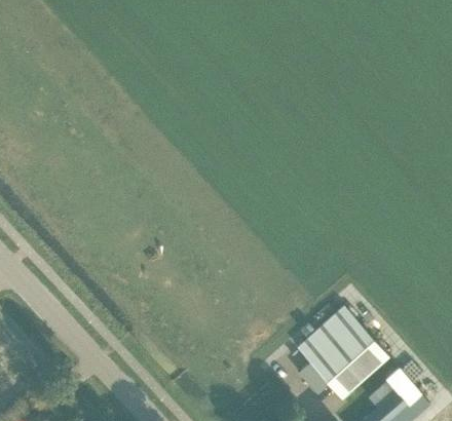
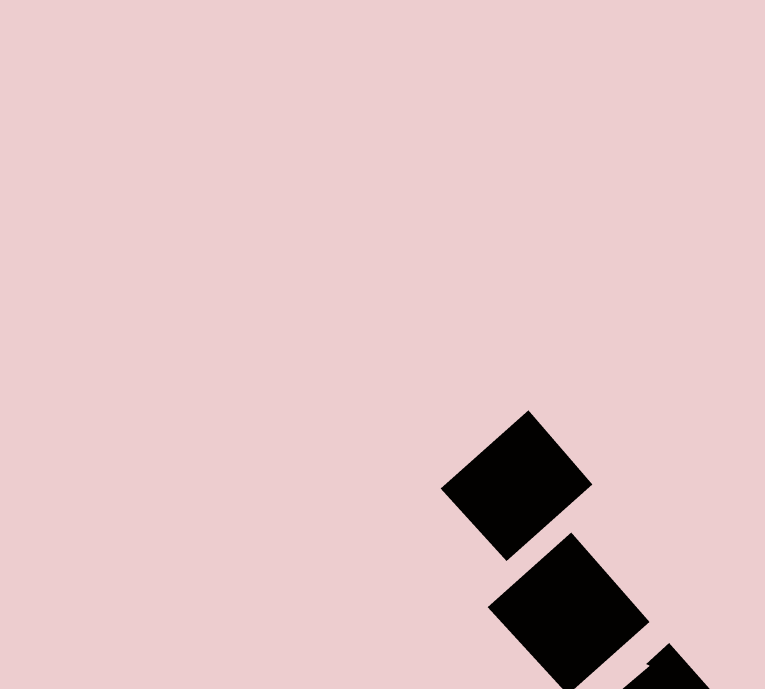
building: none -> [440,409,593,562]

